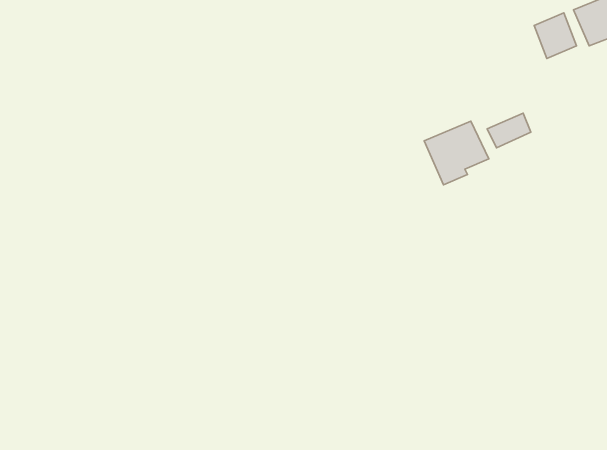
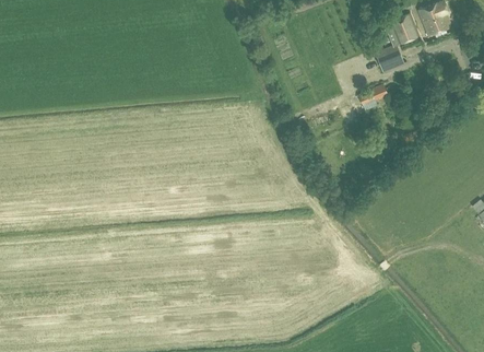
building: none -> [377,45,405,73]
building: [424,121,489,185] -> none

